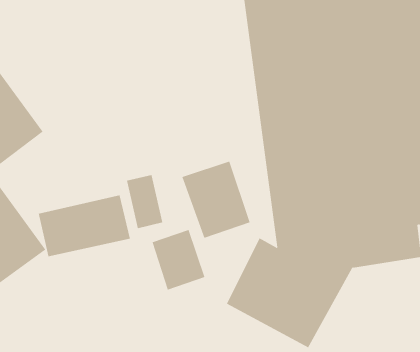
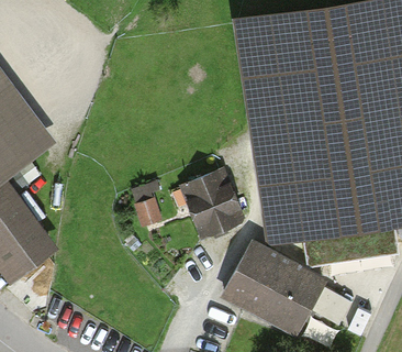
building: [38,194,131,257] -> none
building: [152,229,205,290] -> none

